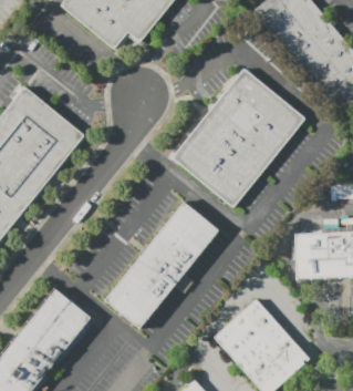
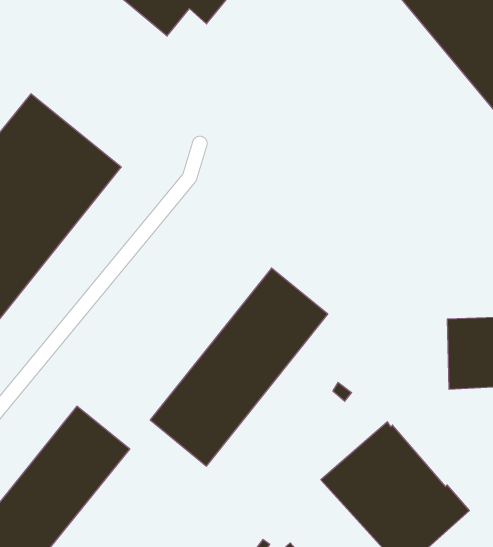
building: [173,68,305,207] -> none

